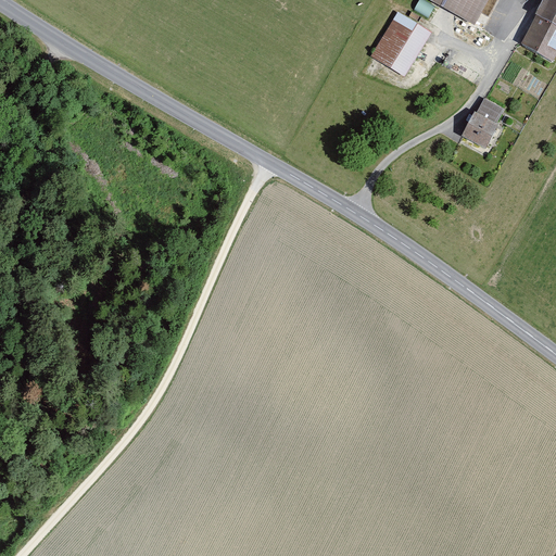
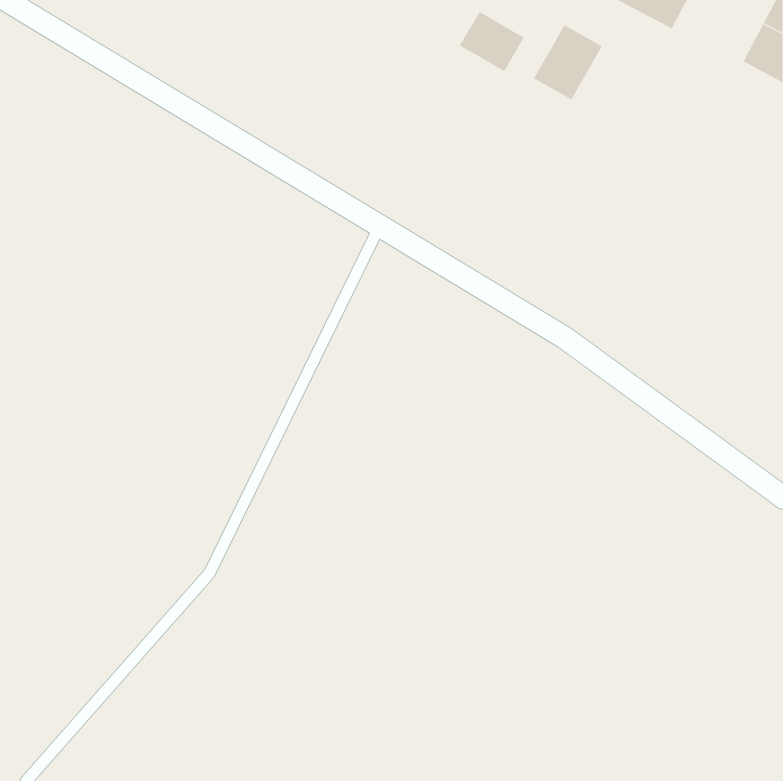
building: none -> [459,11,525,72]
building: [465,100,501,143] -> none

